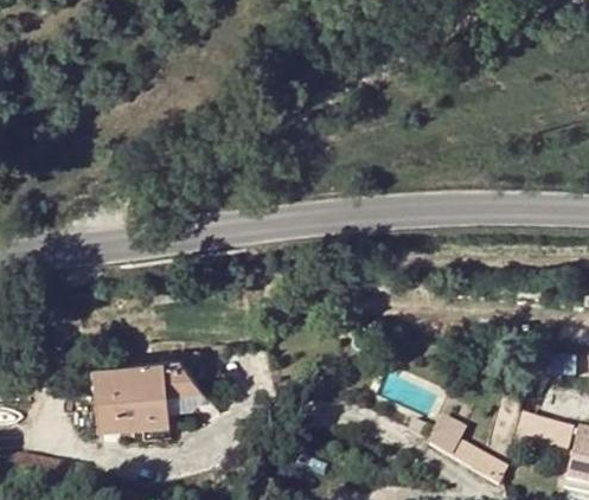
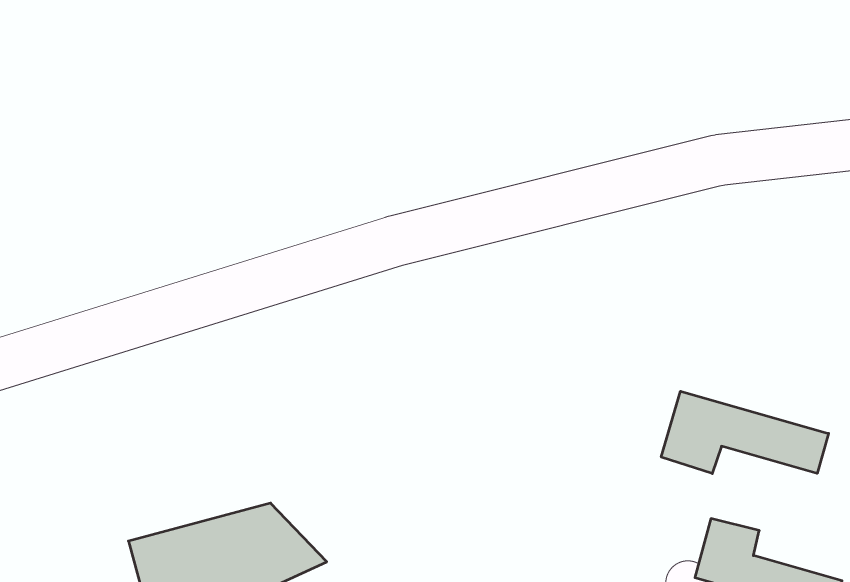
building: none -> [661,391,829,474]

